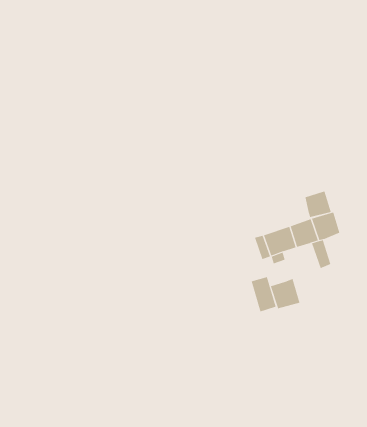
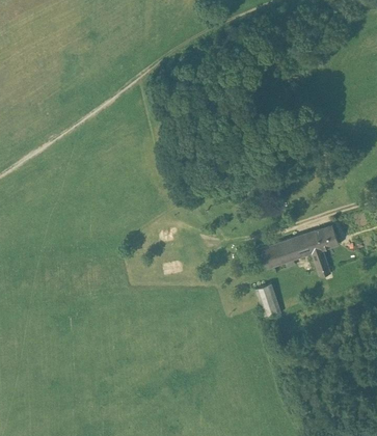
building: [305,191,331,218] -> none
building: [270,278,300,309] -> none

